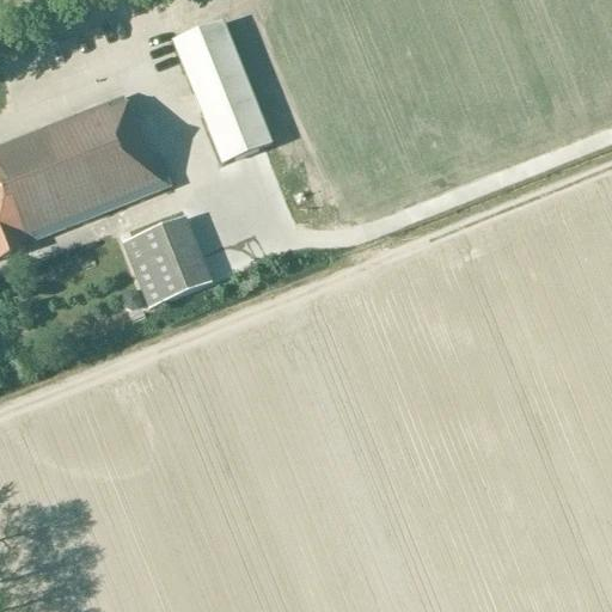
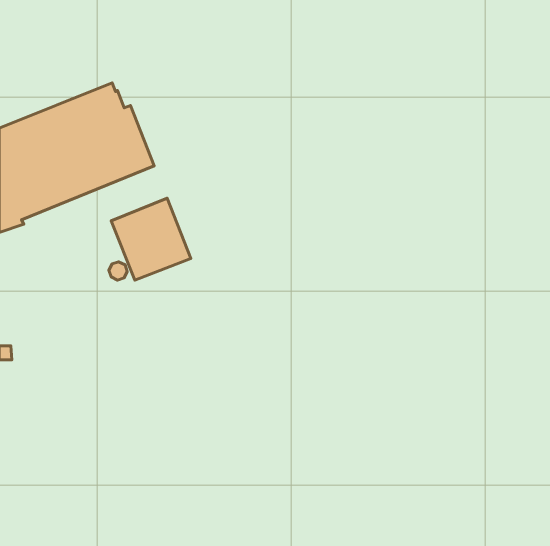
building: [171,20,274,164] -> none

